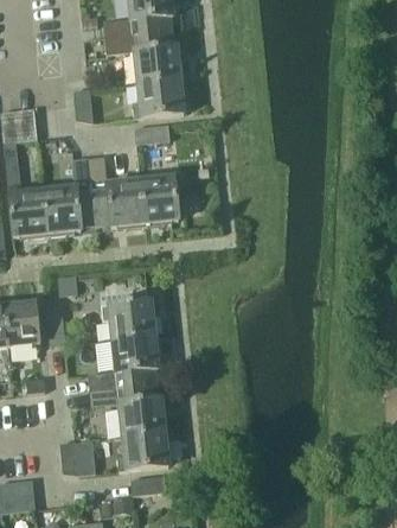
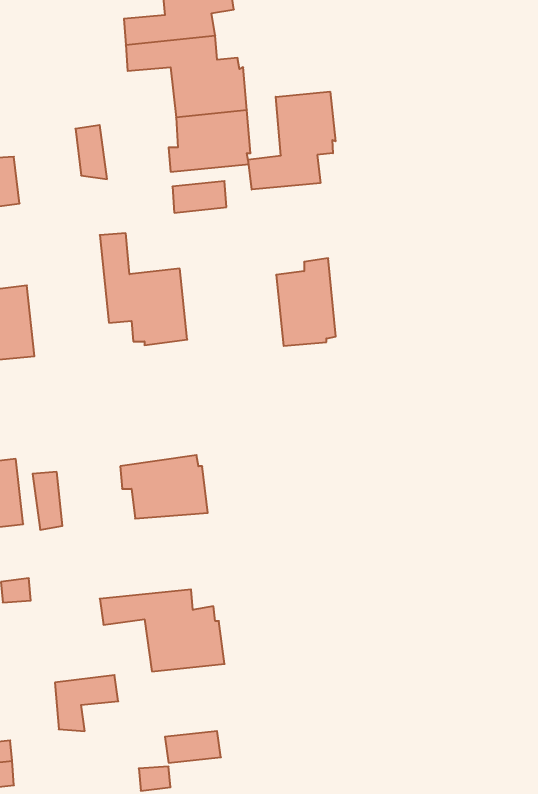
building: none -> [248,92,335,190]
building: [41,158,94,235] -> none
building: [139,168,177,224] -> [276,258,336,346]
building: [87,335,160,389] -> none
building: [115,431,171,470] -> none

